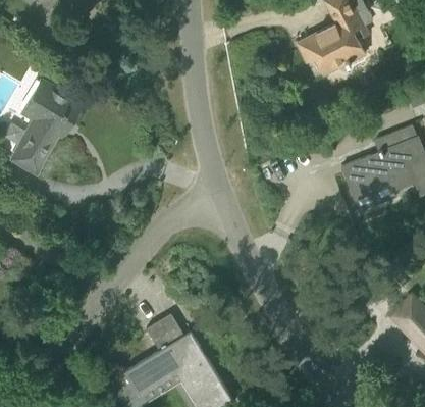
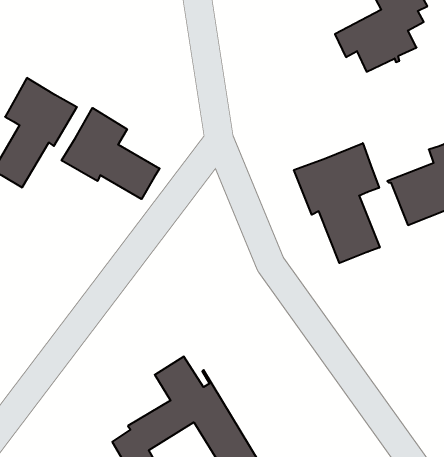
building: none -> [62,108,160,199]
building: none -> [294,143,380,263]

